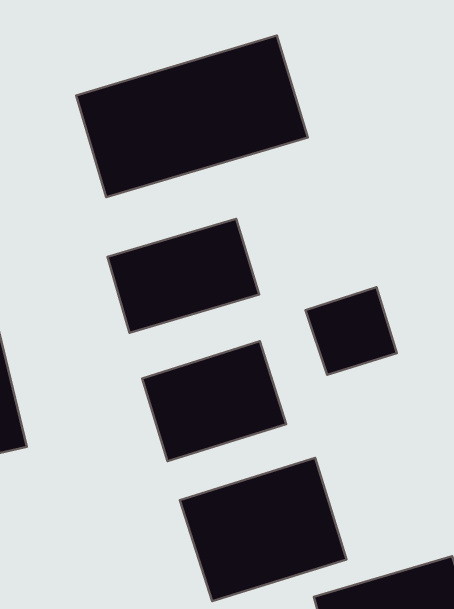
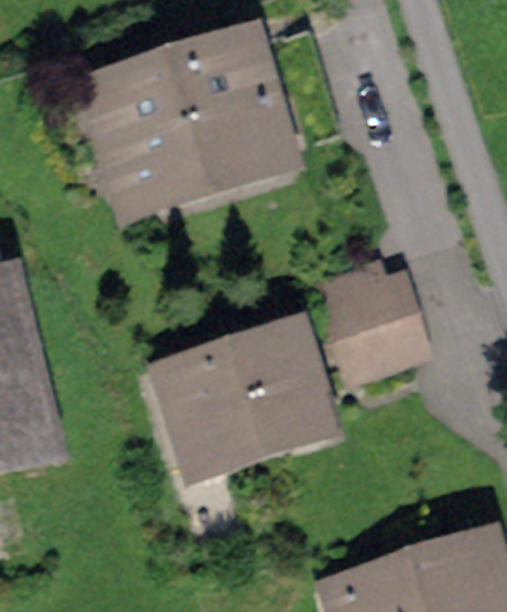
building: [107,219,259,333] -> none
building: [180,458,347,601] -> none

